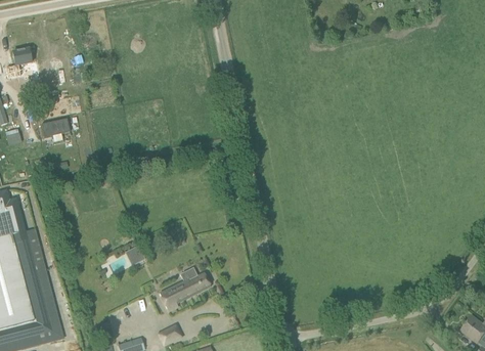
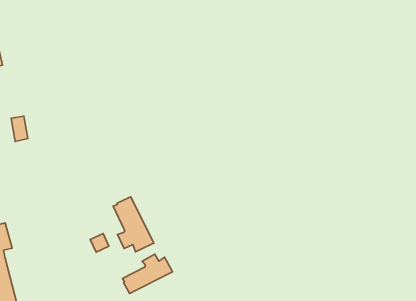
building: none -> [113,197,154,252]

